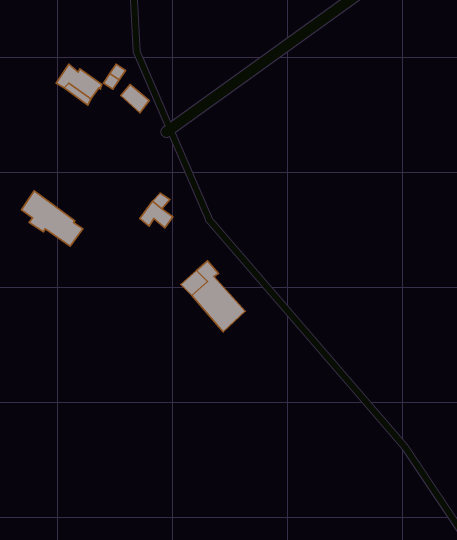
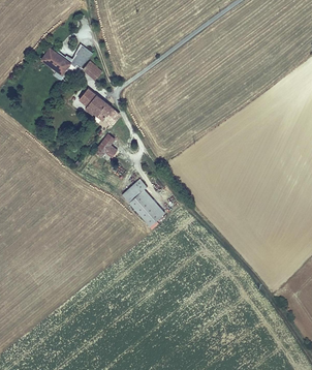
building: [21,191,83,246] -> [77,88,118,124]

